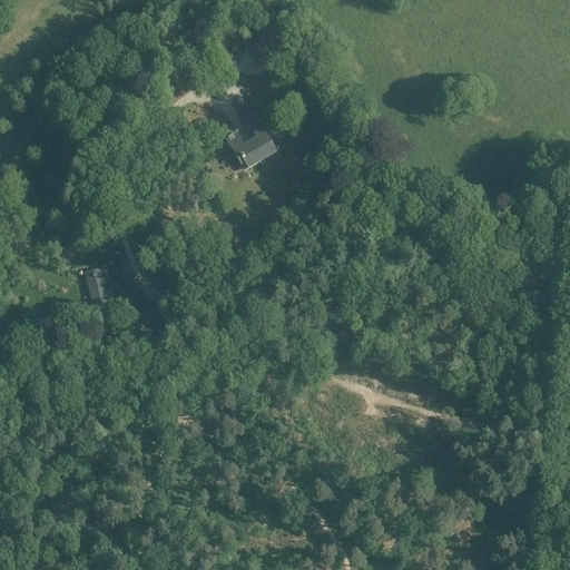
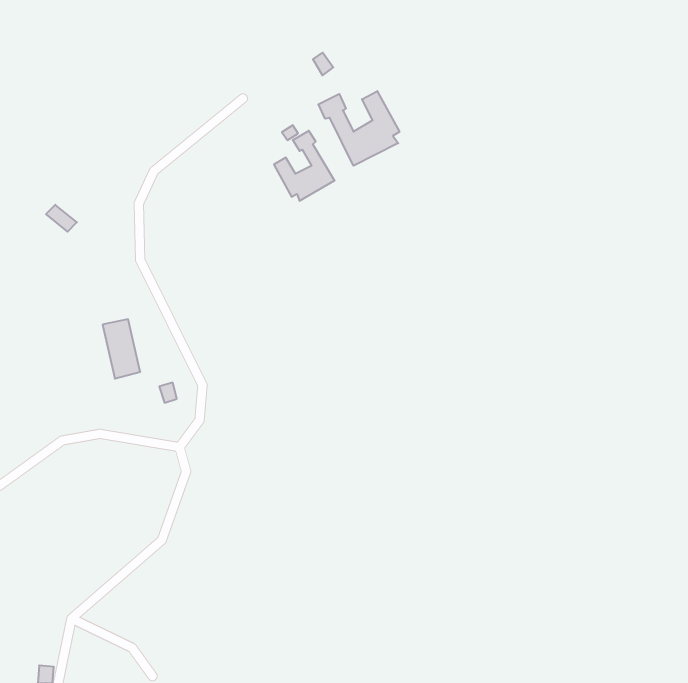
building: none -> [318,91,399,166]

